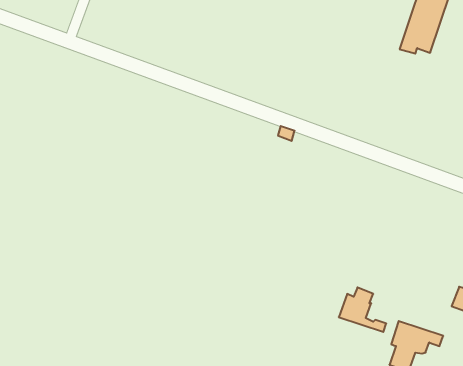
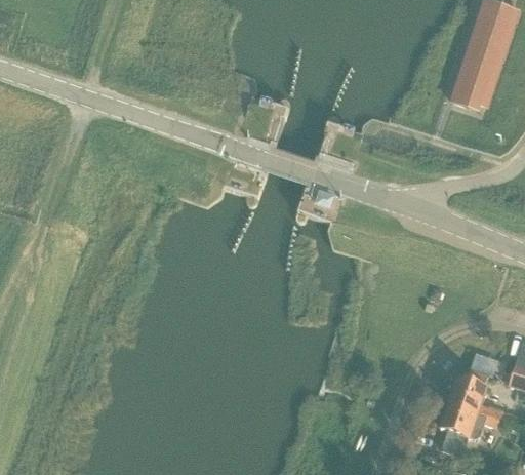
building: [339,287,386,332] -> [451,367,503,417]

